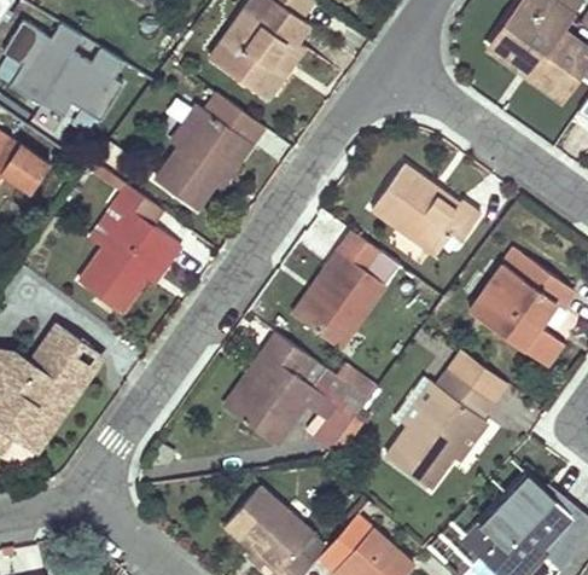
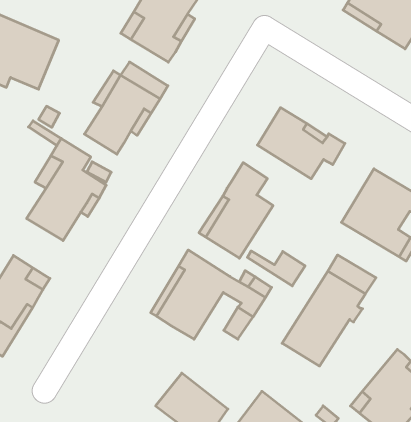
building: none -> [247,251,305,286]

